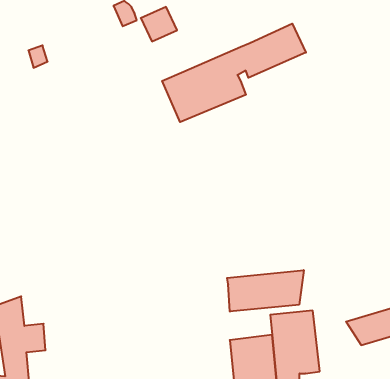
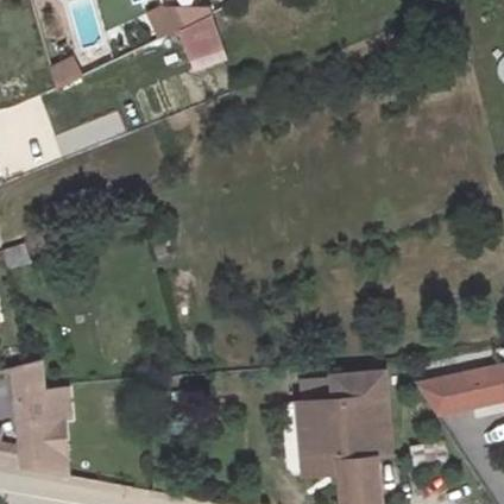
building: [162,24,306,122] -> none
building: [227,270,304,312] -> none

